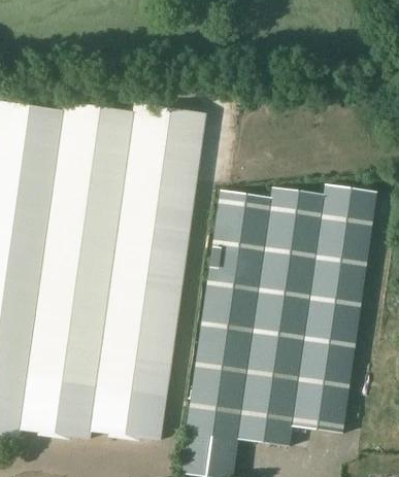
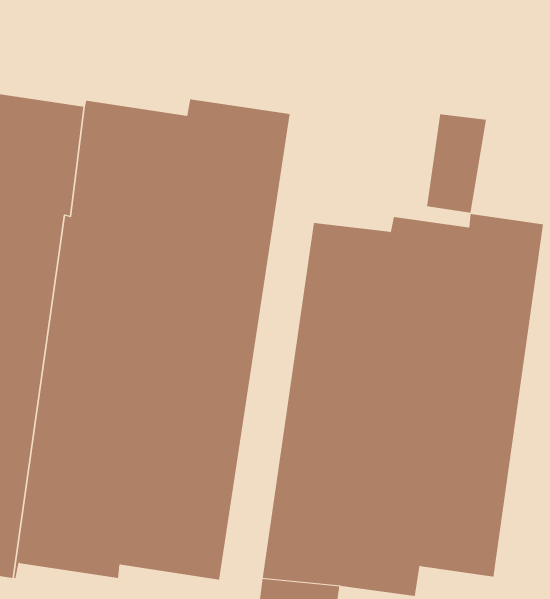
building: none -> [426,113,487,214]

